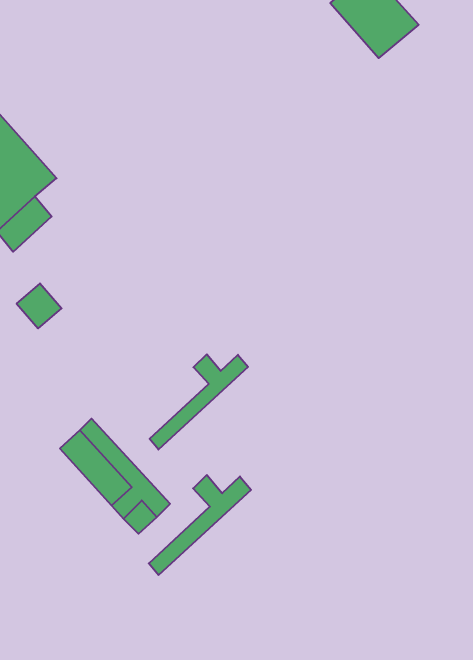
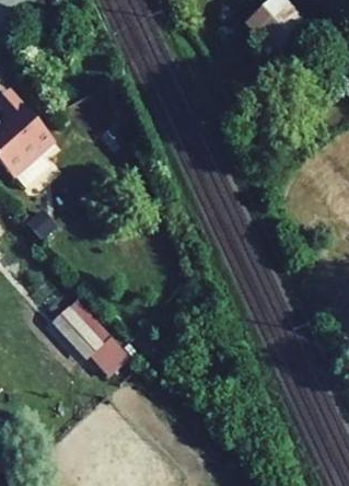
building: [150,354,248,450] -> none
building: [149,475,251,575] -> none

